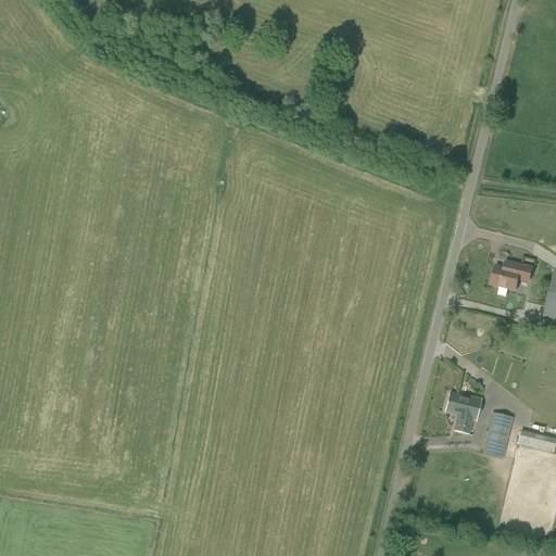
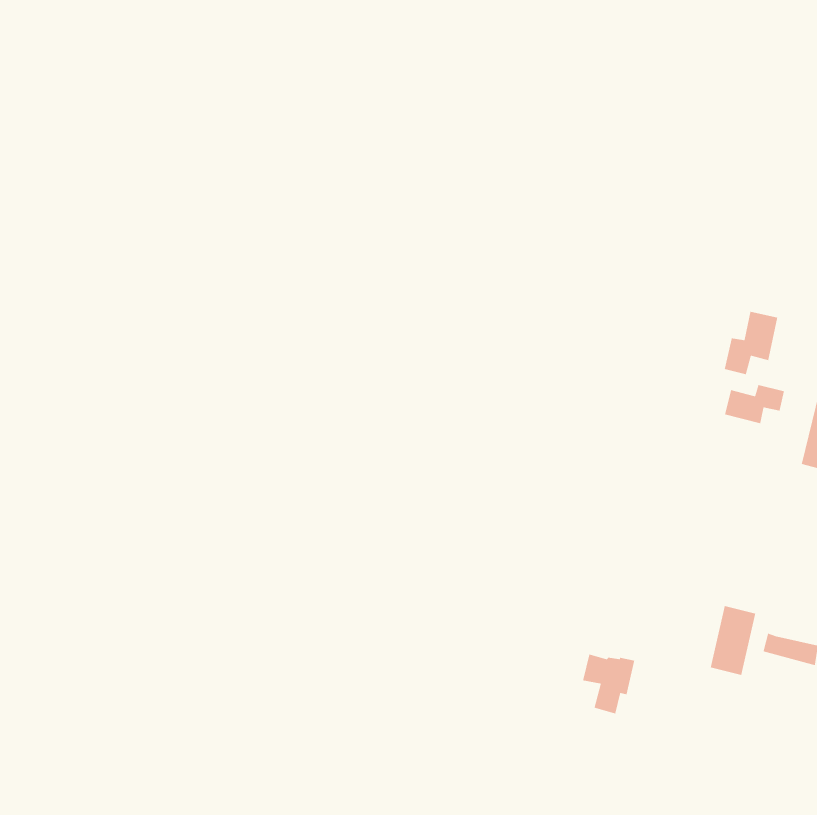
building: none -> [724,311,778,375]
building: [446,392,482,433] -> [582,654,635,714]

